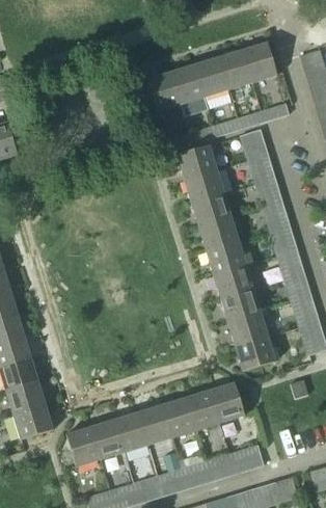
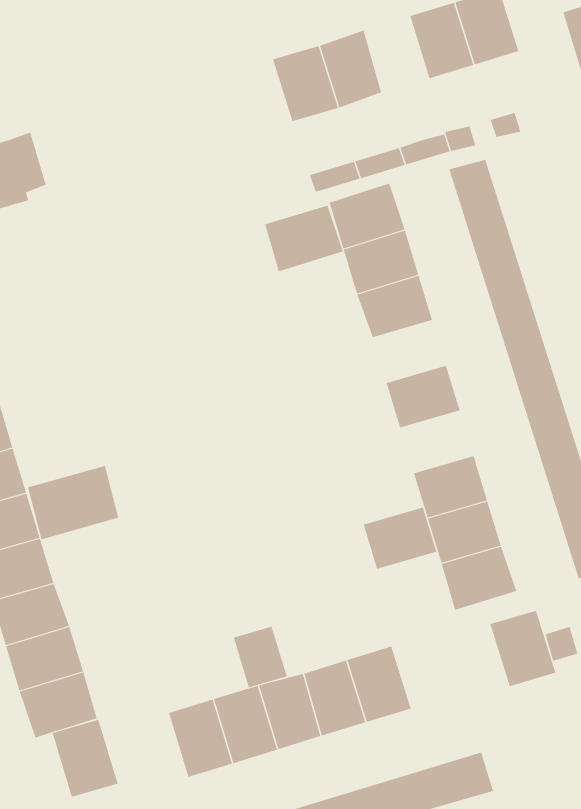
building: [195,56,229,97] -> none
building: none -> [265,205,343,272]
building: [199,217,239,250] -> none
building: [214,265,253,298] -> [363,507,437,570]
building: none -> [28,465,119,540]
building: none -> [233,626,287,688]
building: [210,382,245,423] -> [489,610,556,687]
building: [66,425,102,466] -> [52,719,118,798]

